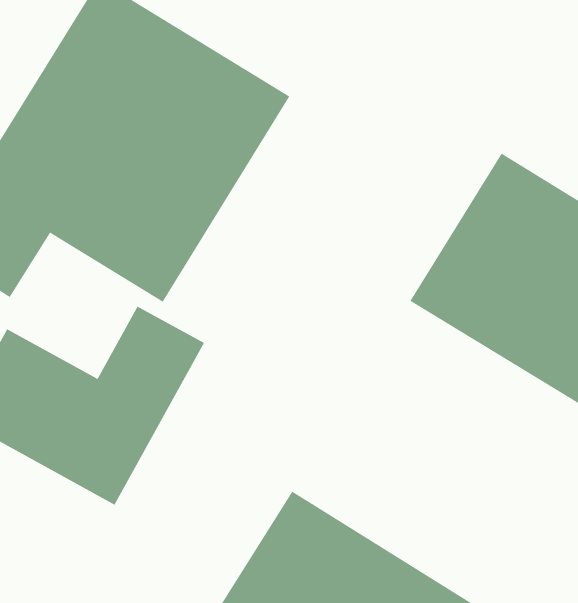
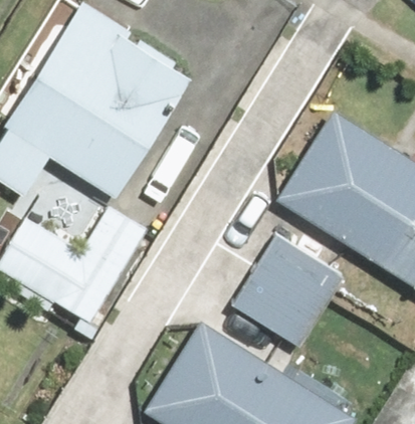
building: none -> [226,232,346,352]

